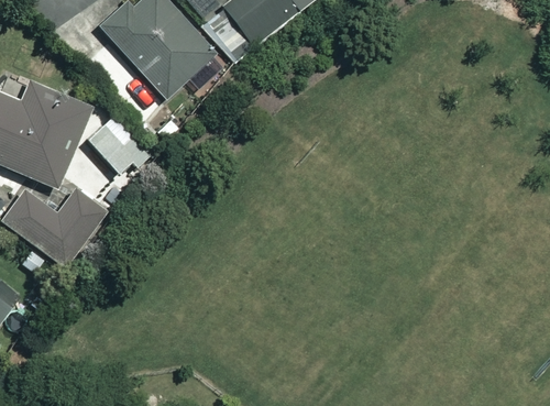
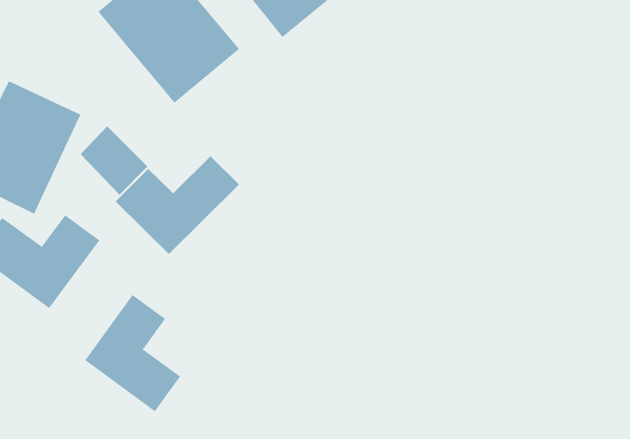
building: none -> [115,156,240,255]
building: none -> [84,294,181,412]

